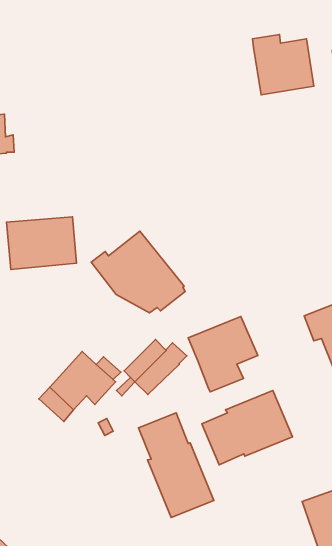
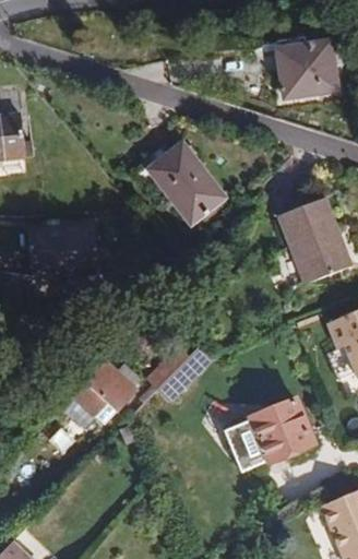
building: none -> [278,198,350,284]
building: [91,231,185,313] -> [132,141,227,224]
building: [188,317,258,392] -> none
building: [138,413,214,517] -> none

